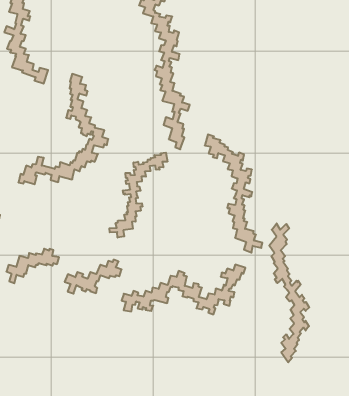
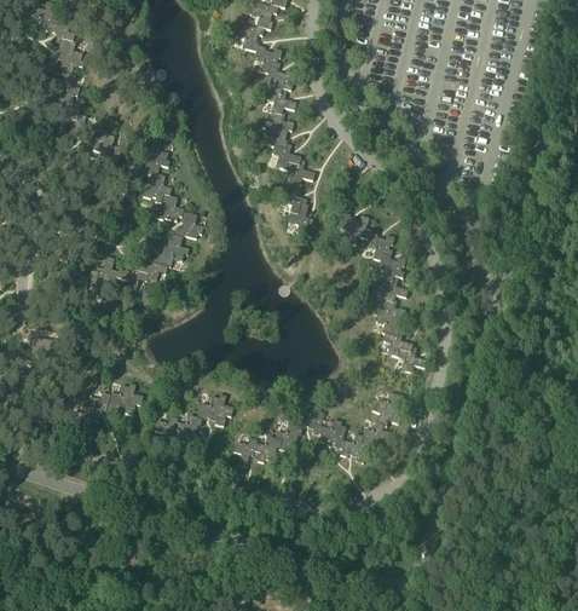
building: [109,153,167,238] -> none
building: [269,223,309,362] -> none

